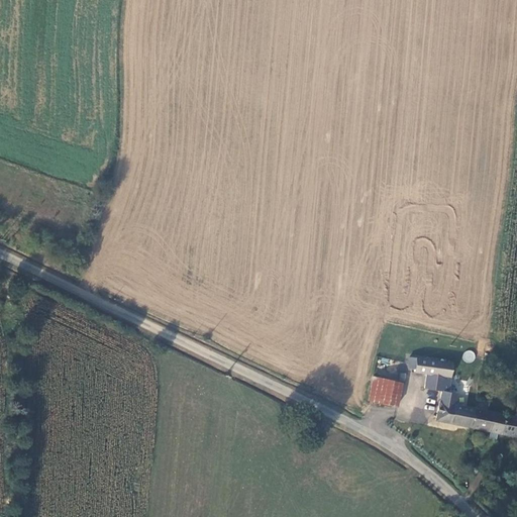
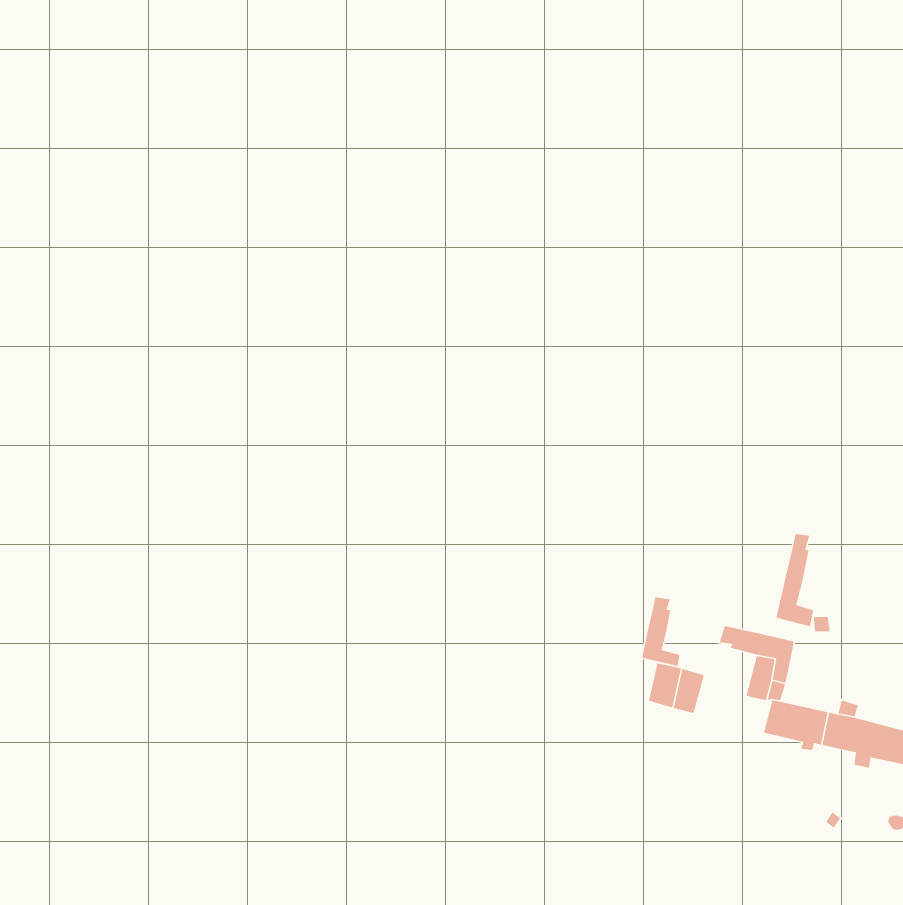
building: none -> [776,533,814,627]
building: none -> [641,596,681,667]

